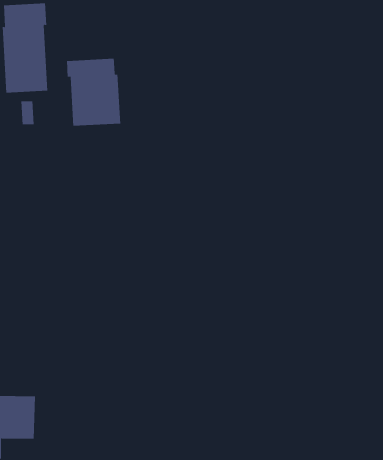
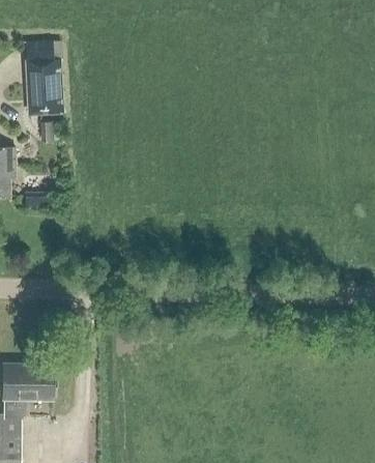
building: [66,58,121,127] -> none

